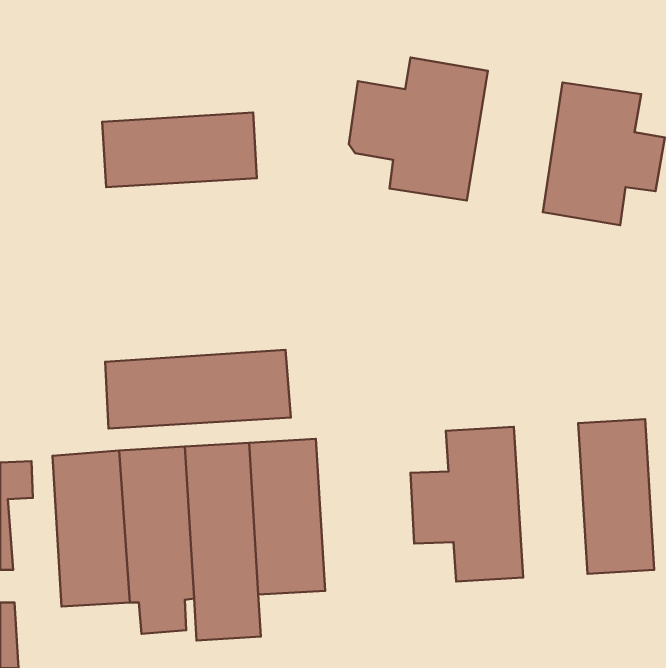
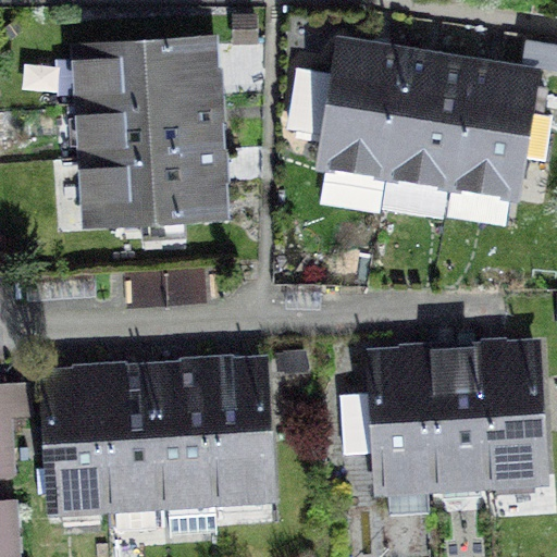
building: none -> [85,39,213,101]
building: none -> [385,59,470,214]
building: none -> [91,148,221,221]
building: [105,350,291,429] -> none
building: none -> [430,351,491,480]

